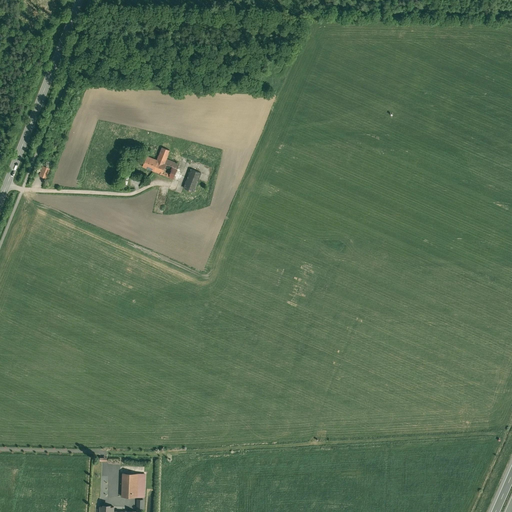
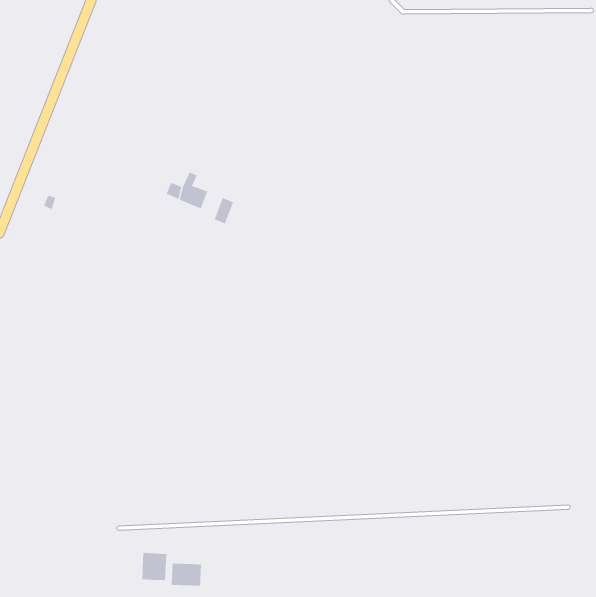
building: none -> [171,563,201,587]

